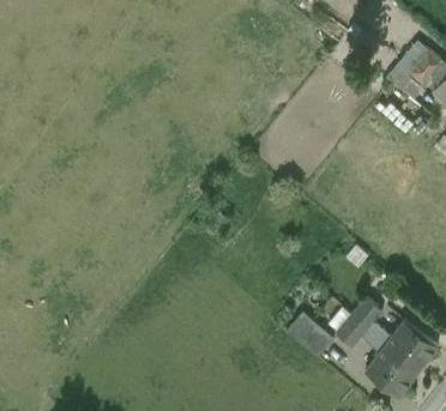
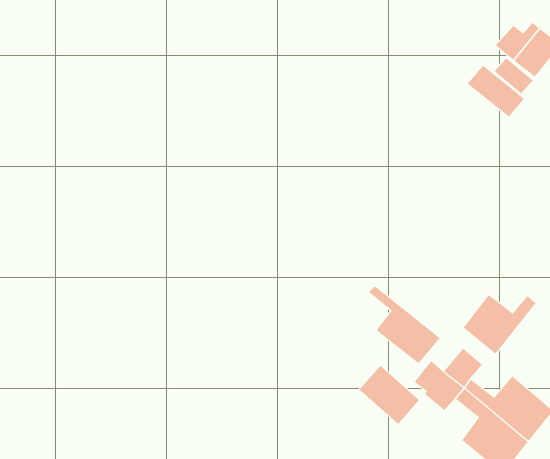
building: none -> [467,65,525,118]
building: none -> [368,285,441,364]
building: none -> [463,294,536,354]

